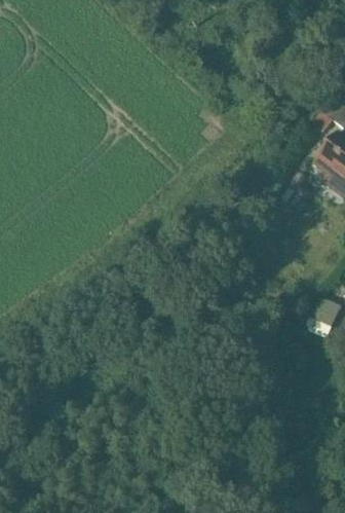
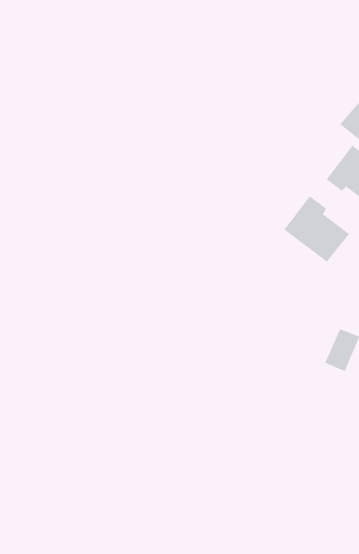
building: none -> [284,195,350,263]

